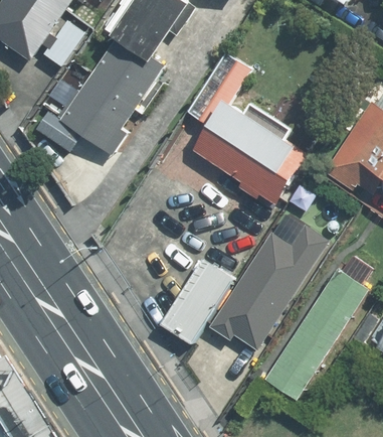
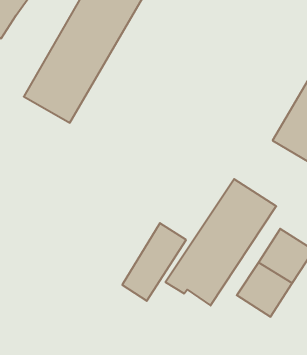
building: [169,53,314,214] -> none
building: [263,339,323,398] -> none

